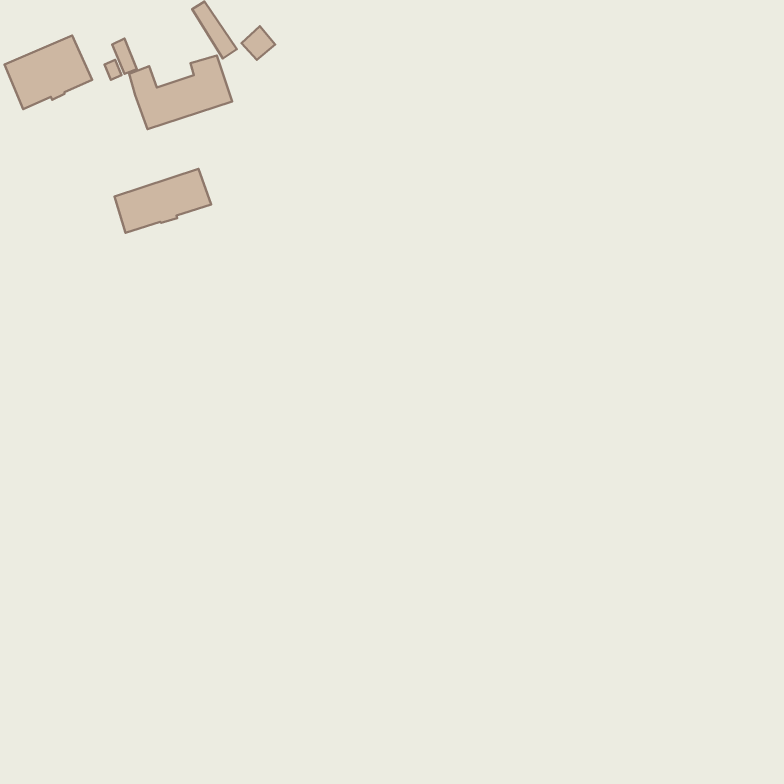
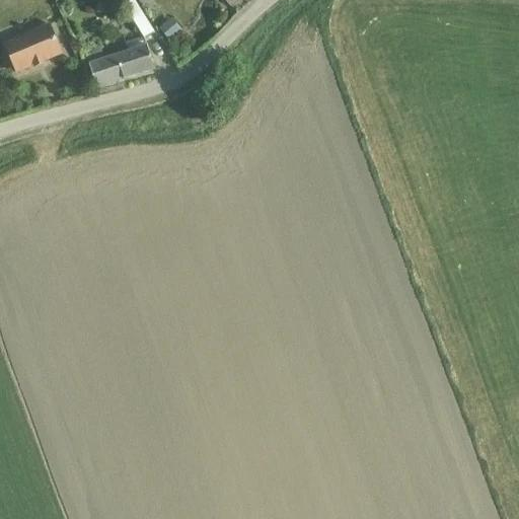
building: [114,169,211,233] -> none

